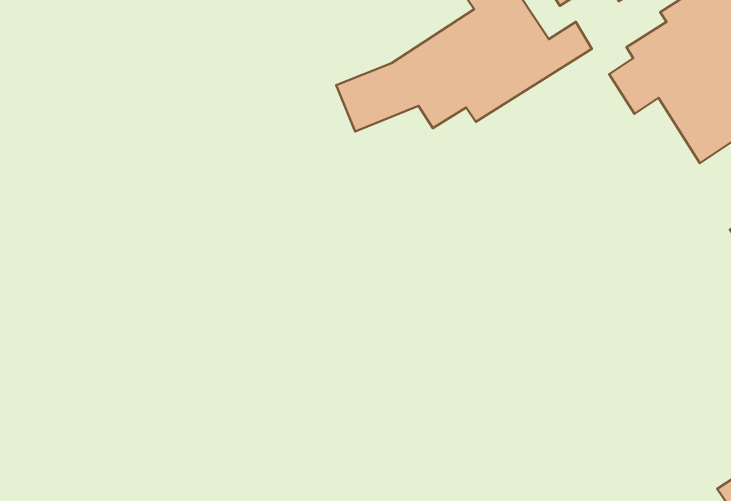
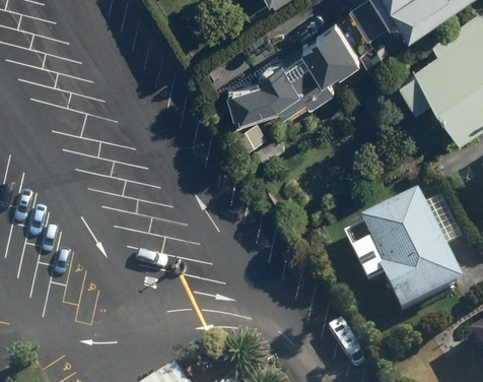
building: none -> [341,203,461,326]

